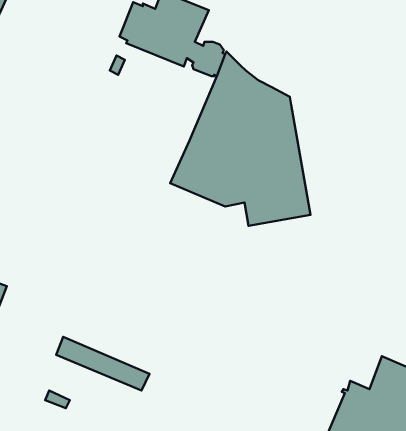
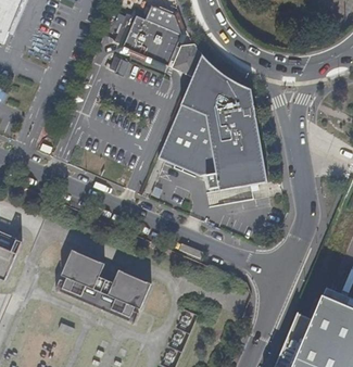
building: none -> [63,250,153,309]

